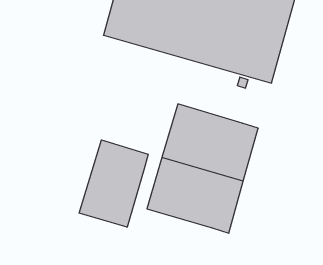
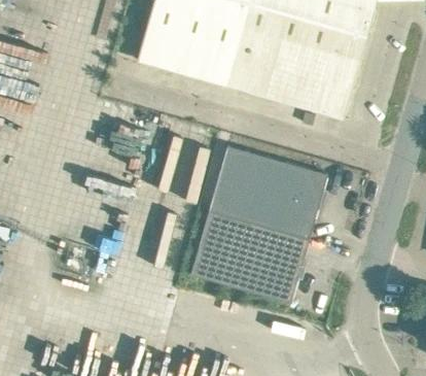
building: [79,140,148,227] -> none

